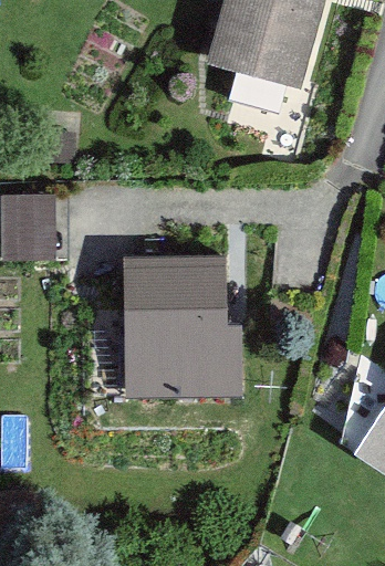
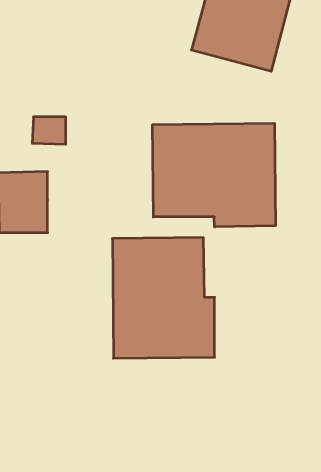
building: none -> [153,123,275,227]

